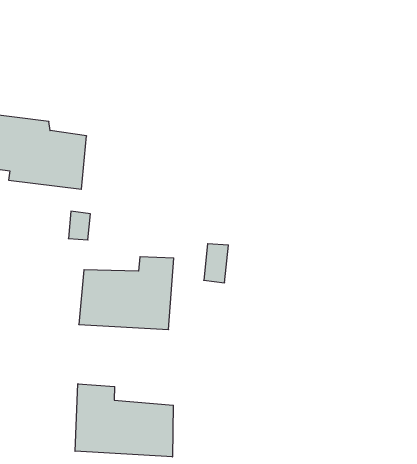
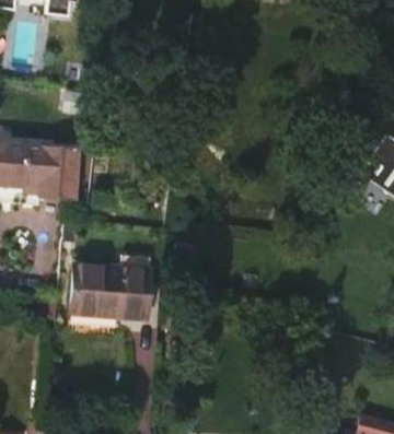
building: [75,384,173,457] -> none

